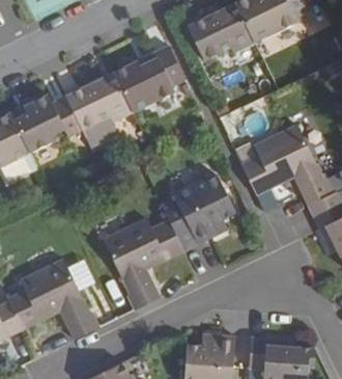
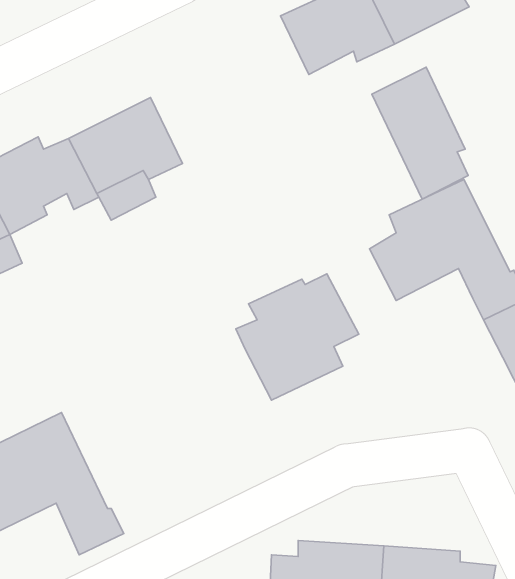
building: [113,46,183,111] -> none
building: none -> [372,67,468,199]
building: [103,217,183,309] -> none

